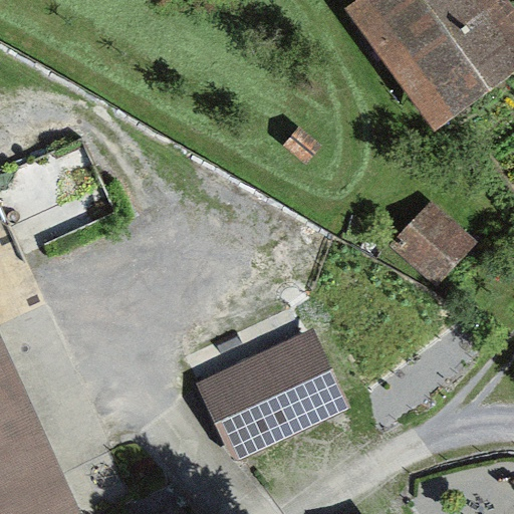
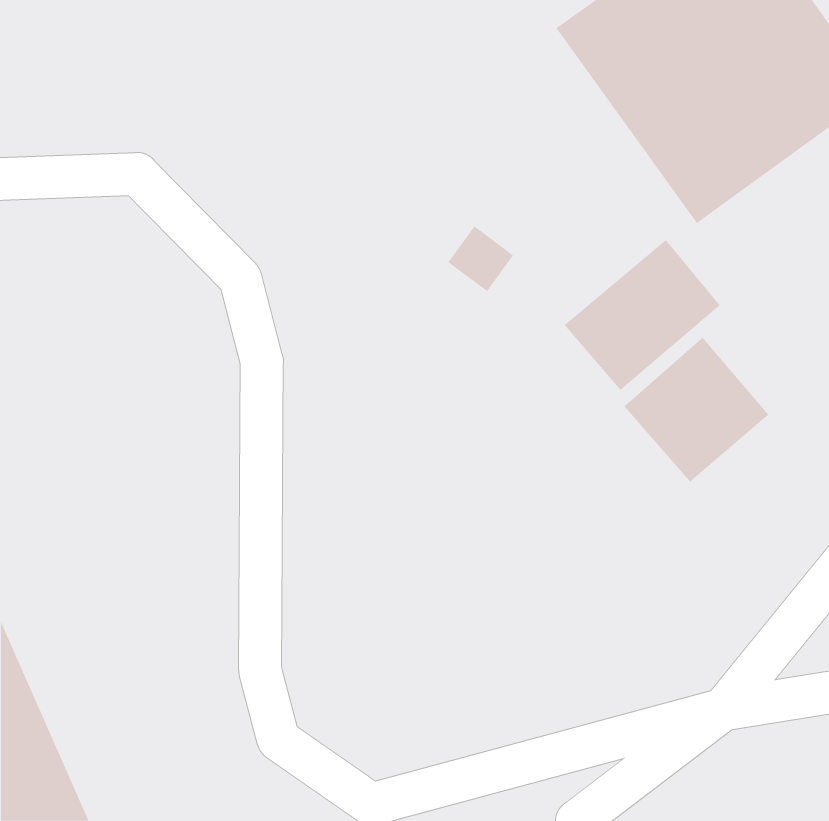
building: none -> [564,239,721,391]
building: [198,337,352,474] -> none

